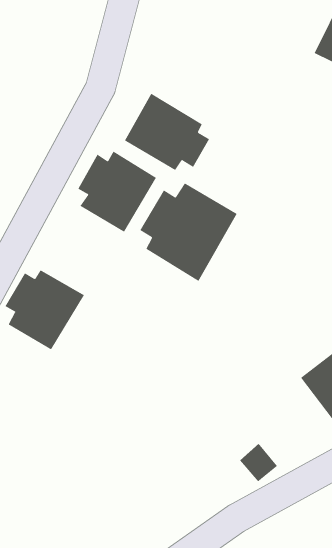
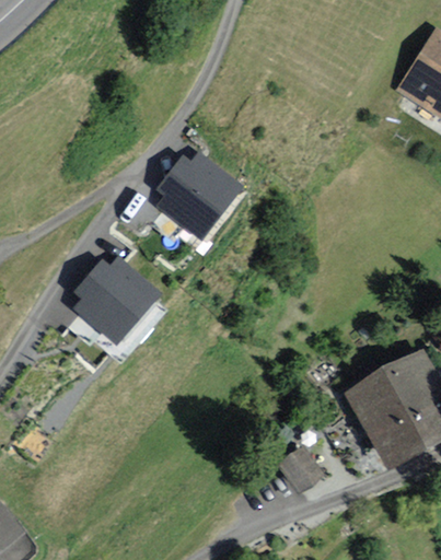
building: [124,93,210,171] -> none
building: [140,182,237,282] -> none

